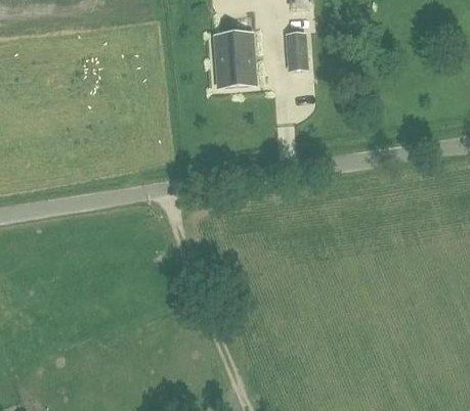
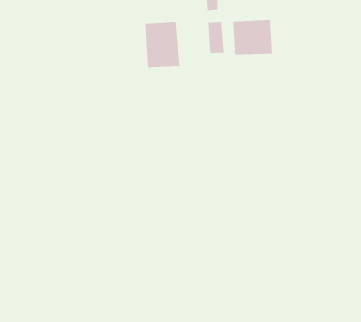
building: none -> [233,19,273,55]

